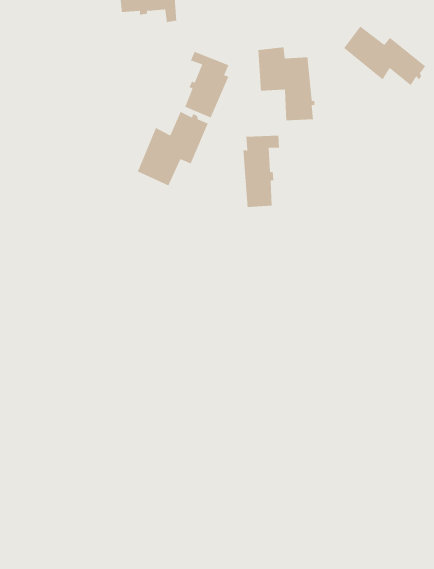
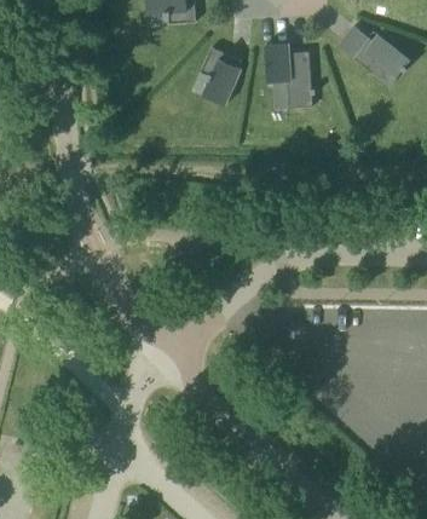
building: [137,111,209,186] -> none
building: [243,135,280,208] -> none

